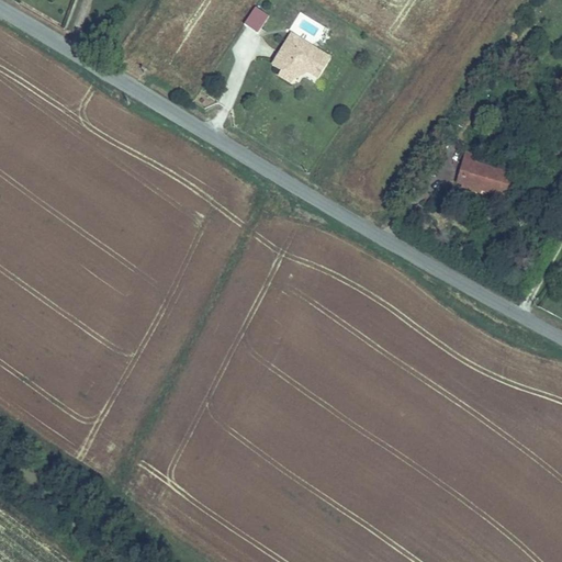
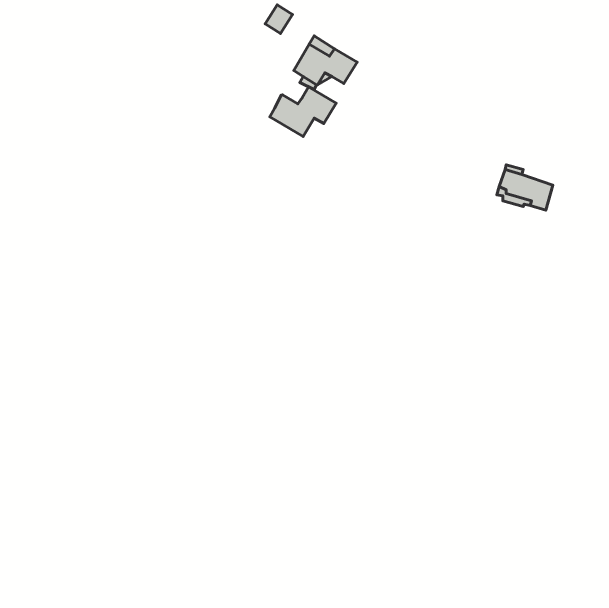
building: none -> [270,87,336,136]

